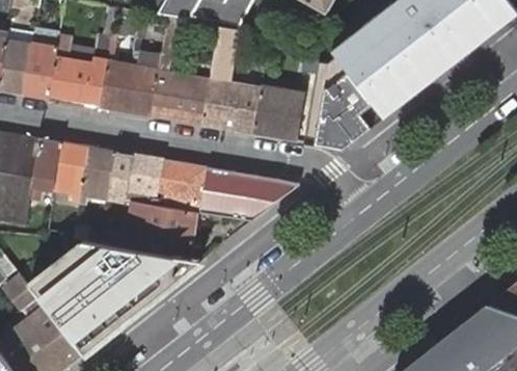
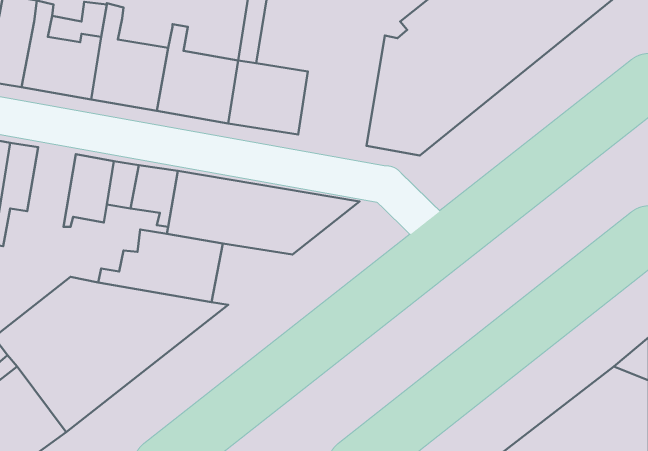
building: [255,86,305,140] -> none
building: [54,142,90,202] -> none

